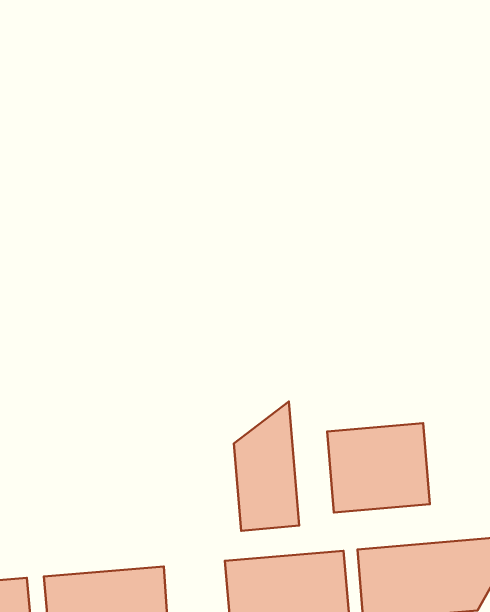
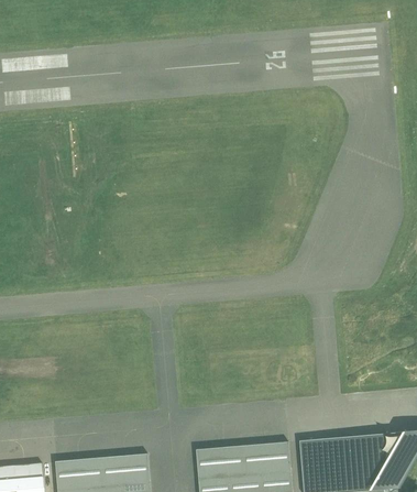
building: [234,402,299,531] -> none
building: [327,423,430,512] -> none

